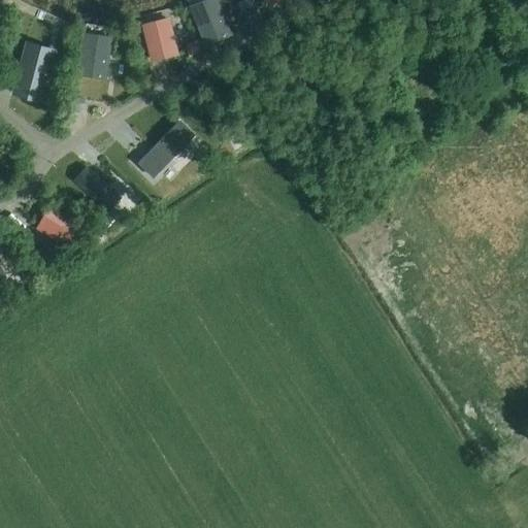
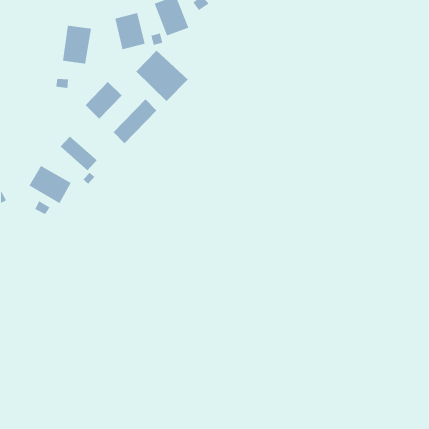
building: [15,52,52,99] -> none
building: none -> [135,50,188,102]
building: none -> [85,81,122,119]

